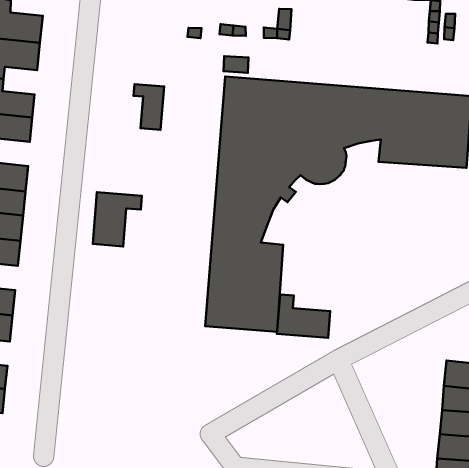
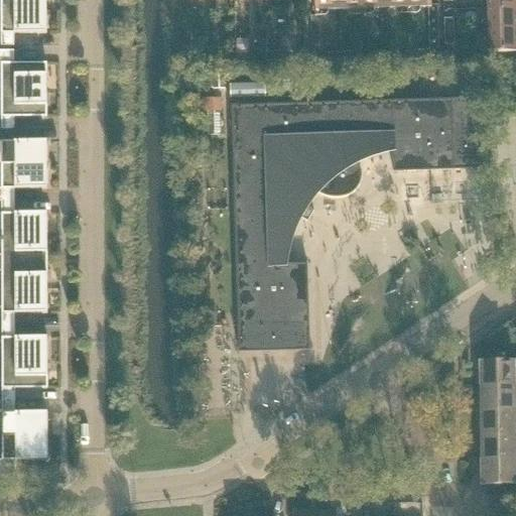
building: [134,84,164,130] -> none
building: [93,192,142,246] -> none
building: [277,294,330,338] -> none

